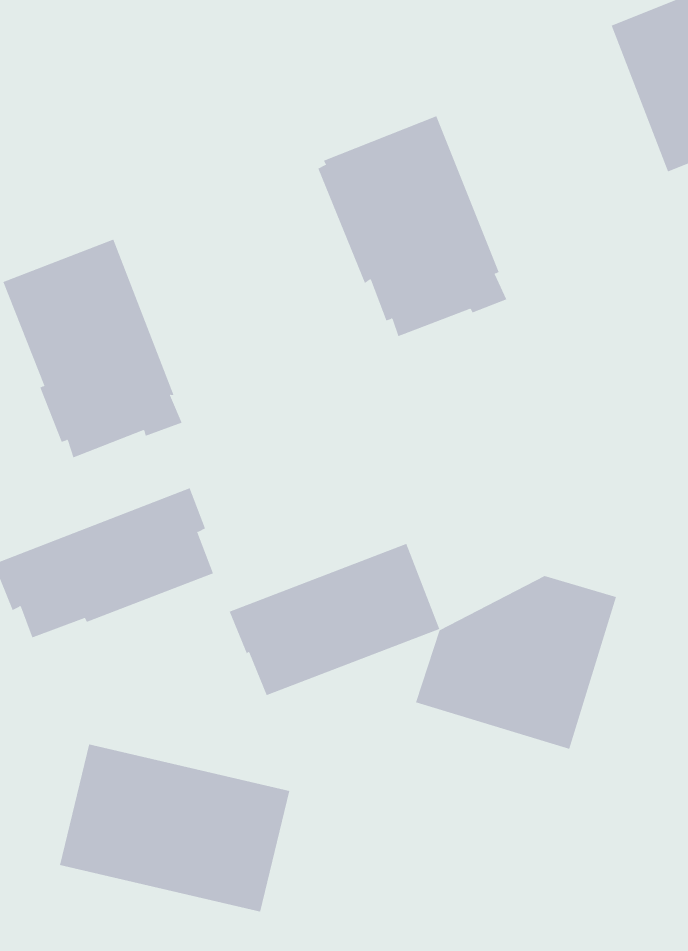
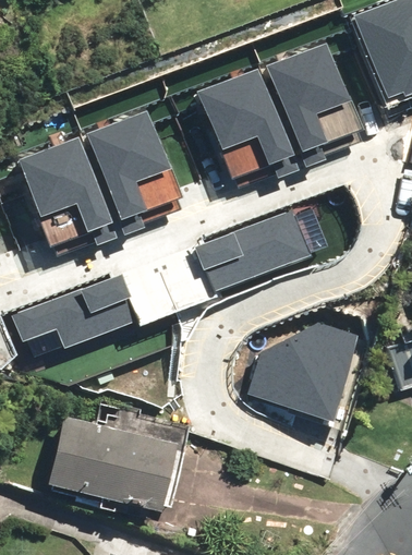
building: none -> [266,41,362,169]
building: none -> [86,110,180,237]
building: [229,543,440,696] -> [193,208,311,293]

